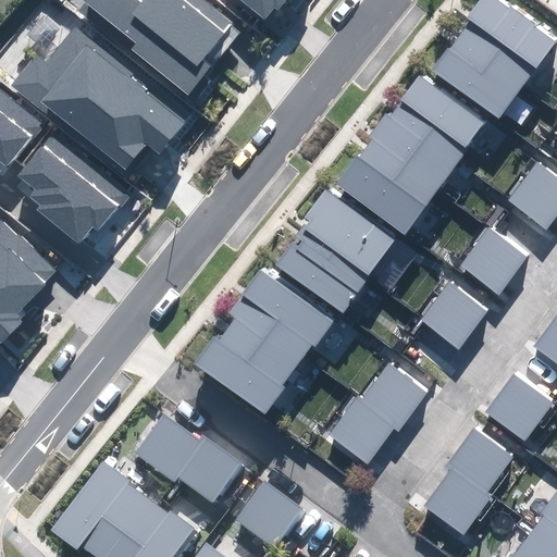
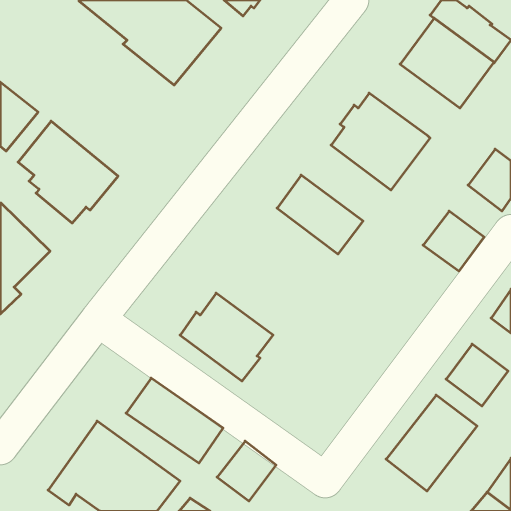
building: [13,28,183,174] -> none
building: [401,76,484,148] -> none
building: [336,156,425,234] -> none
building: [274,226,369,312] -> none
building: [228,270,334,364] -> none
building: [420,281,488,349] -> none
building: [327,360,426,465] -> none

